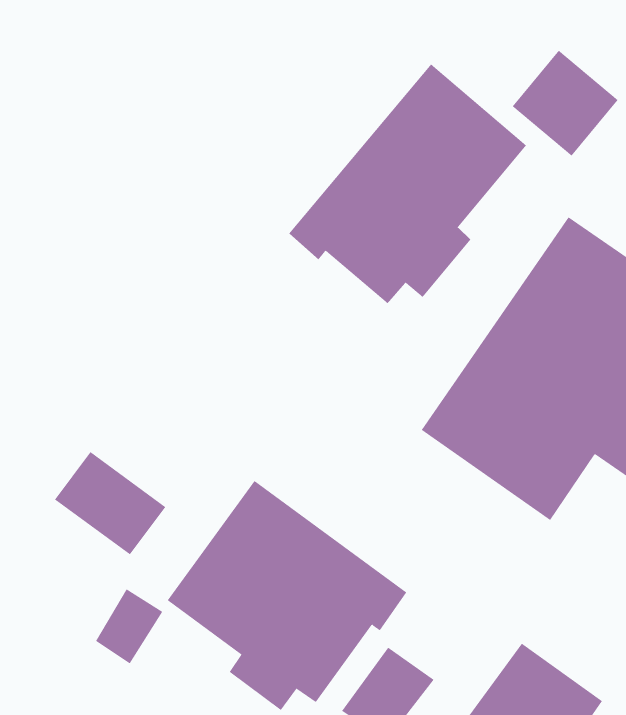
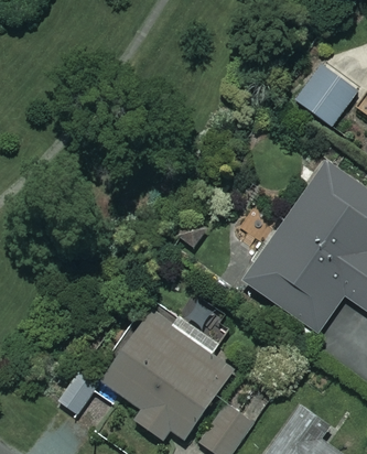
building: [288,64,527,304] -> none
building: [54,451,166,555] -> none

